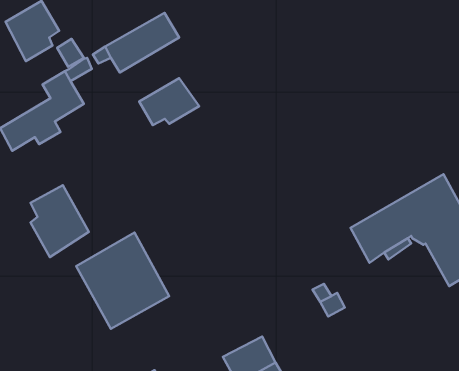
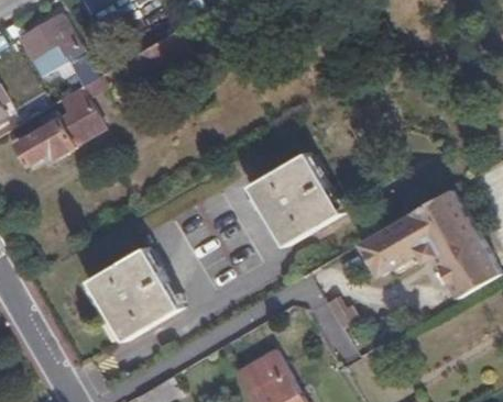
building: [139,78,199,125] -> none
building: none -> [255,149,346,244]
building: [30,185,89,257] -> none

